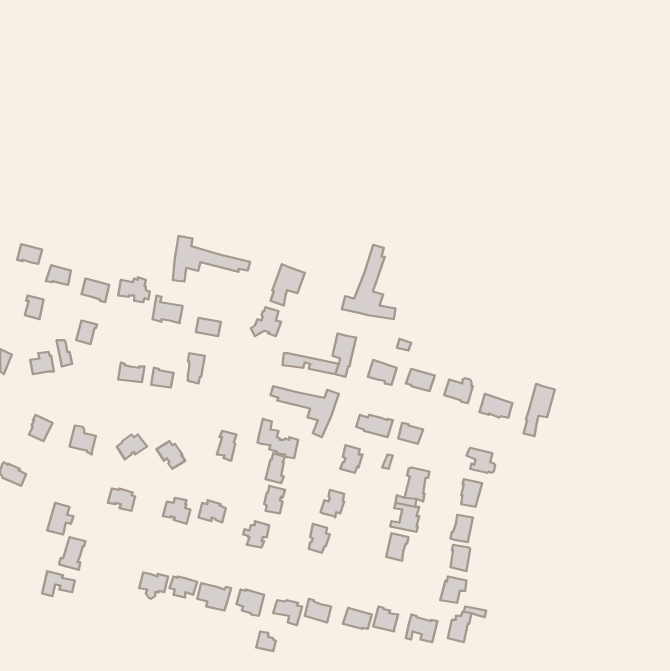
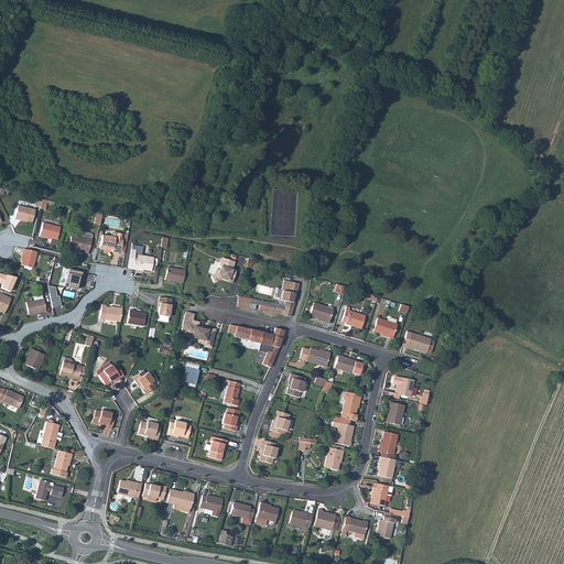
building: [173,236,250,281] -> none
building: [342,245,395,319] -> none
building: [271,264,305,306] -> none
building: [524,384,555,436] -> none
building: [257,419,298,458] -> [182,312,216,345]

